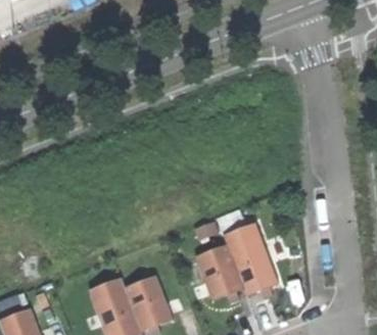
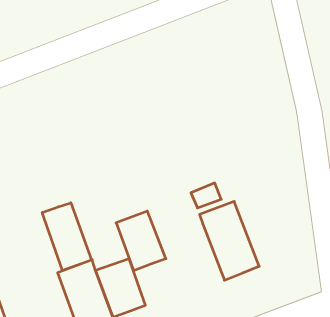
building: none -> [42,203,92,270]
building: [196,244,243,300] -> [116,211,166,270]

